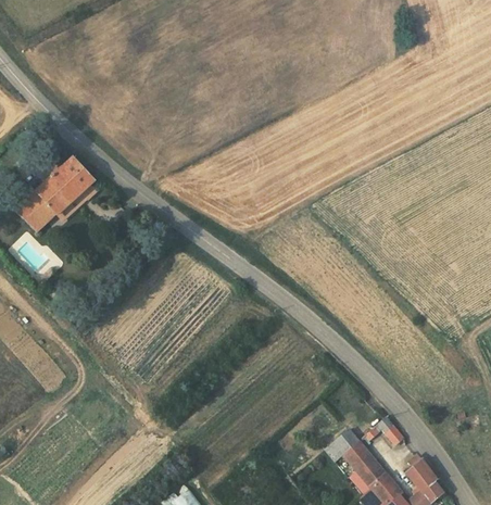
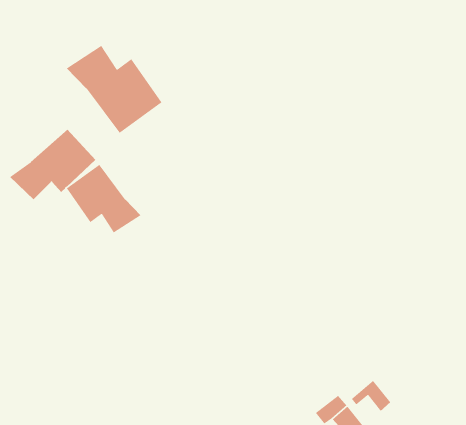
building: none -> [66,45,163,134]
building: none -> [66,164,142,234]

